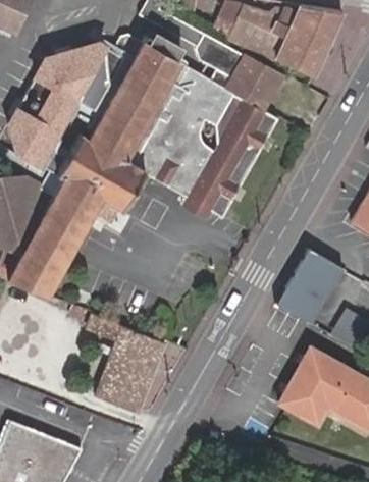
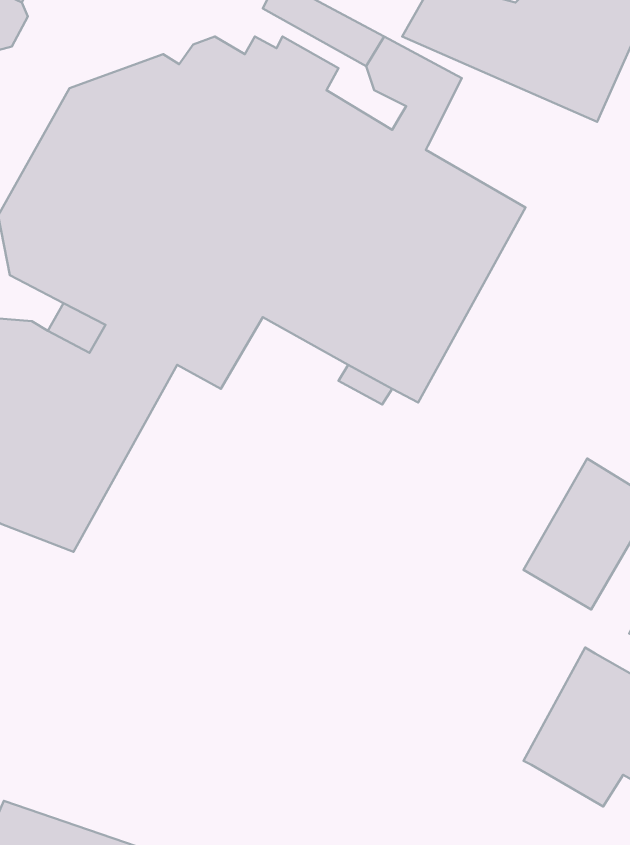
building: [228,53,286,109] -> none
building: [89,314,167,412] -> none

